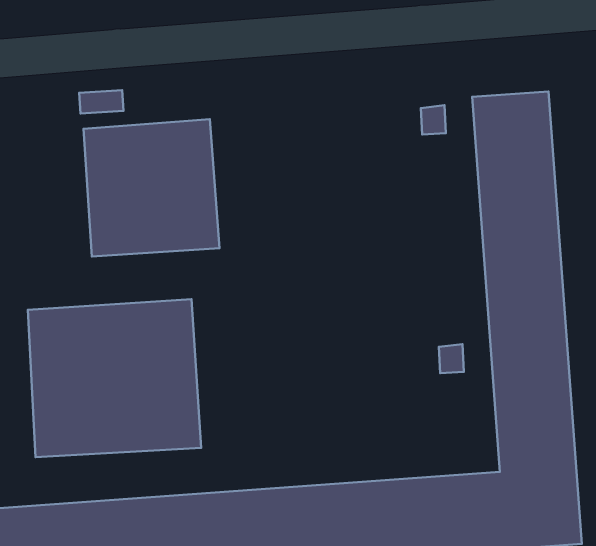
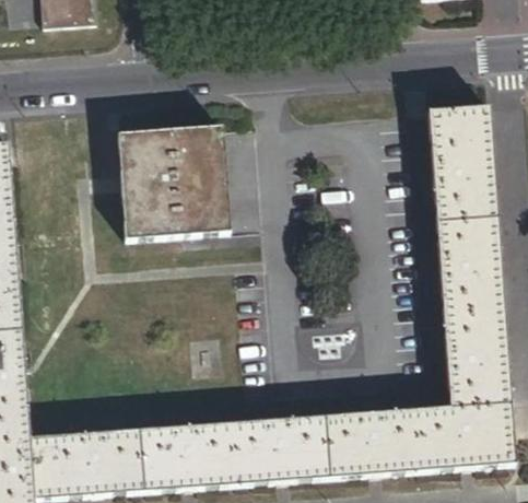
building: [28,299,201,457] -> none

